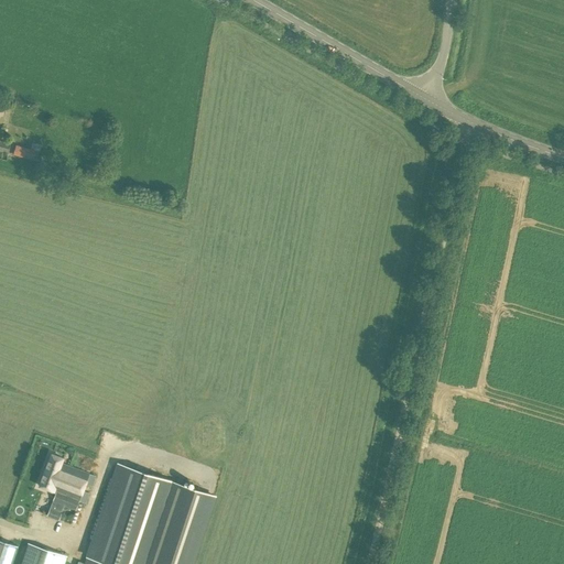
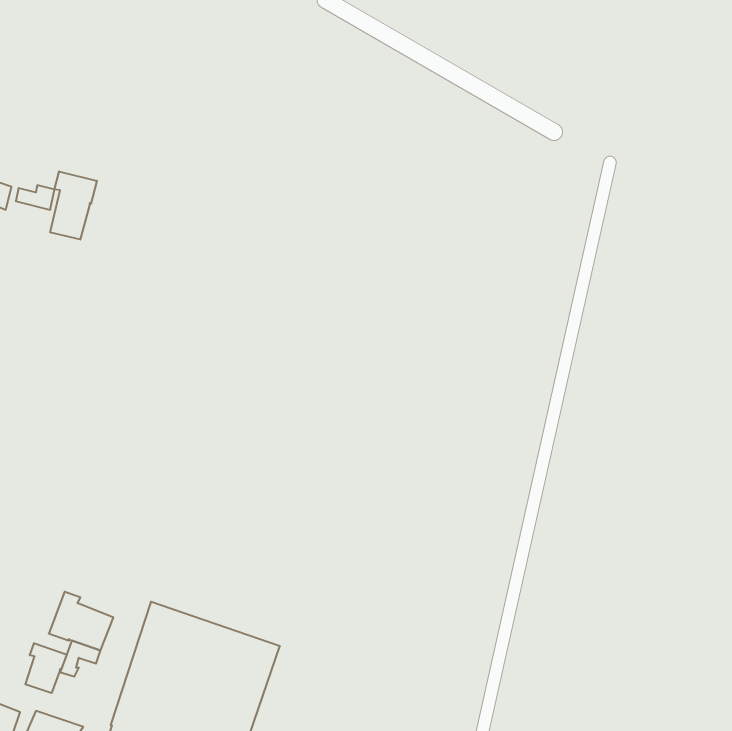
building: none -> [50,171,97,240]
building: none -> [25,643,67,693]

